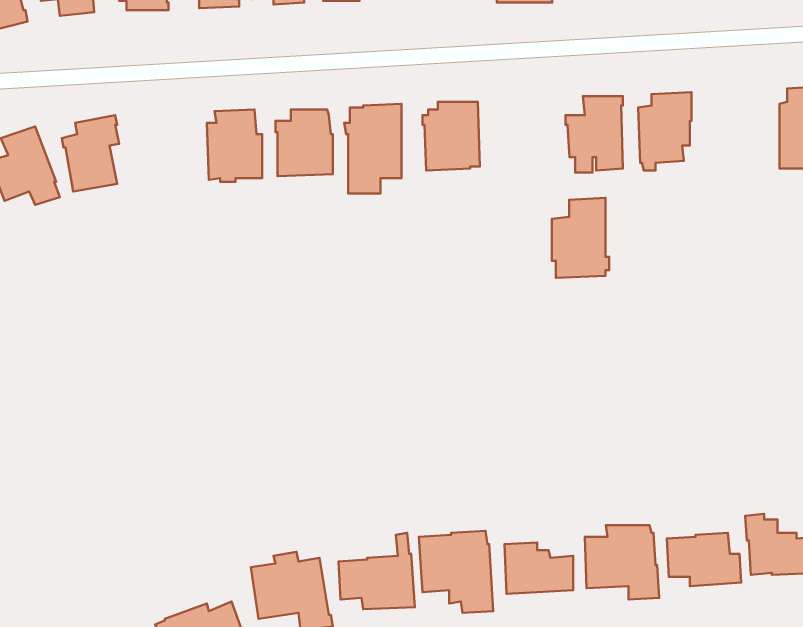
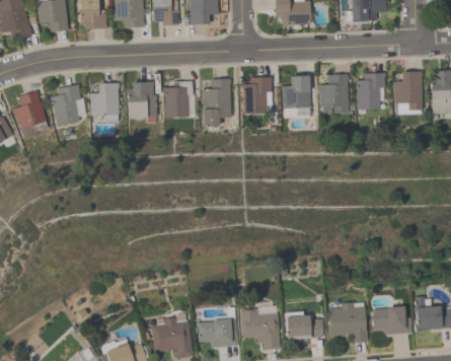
building: none -> [393,70,423,115]
building: none -> [89,83,120,122]
building: [552,198,609,278] -> [282,75,312,118]

